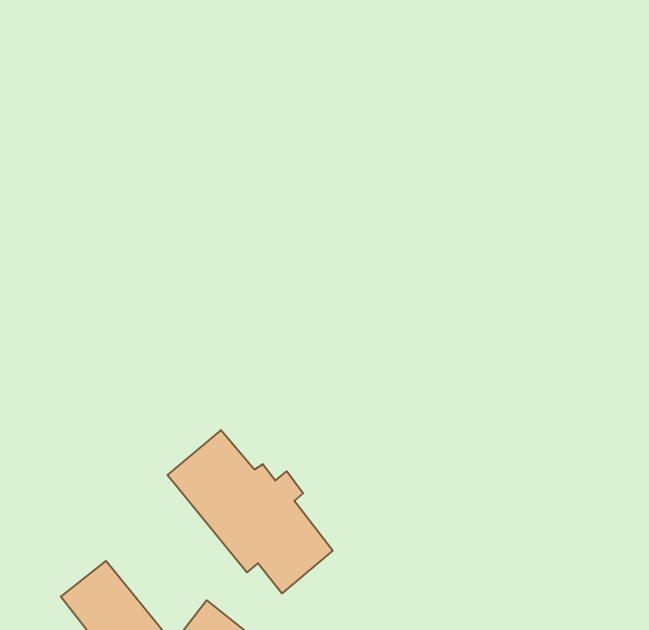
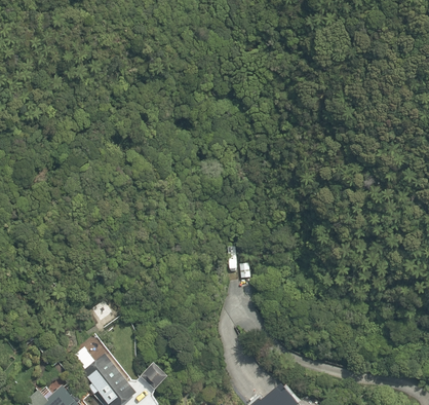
building: [167,430,333,593] -> none

